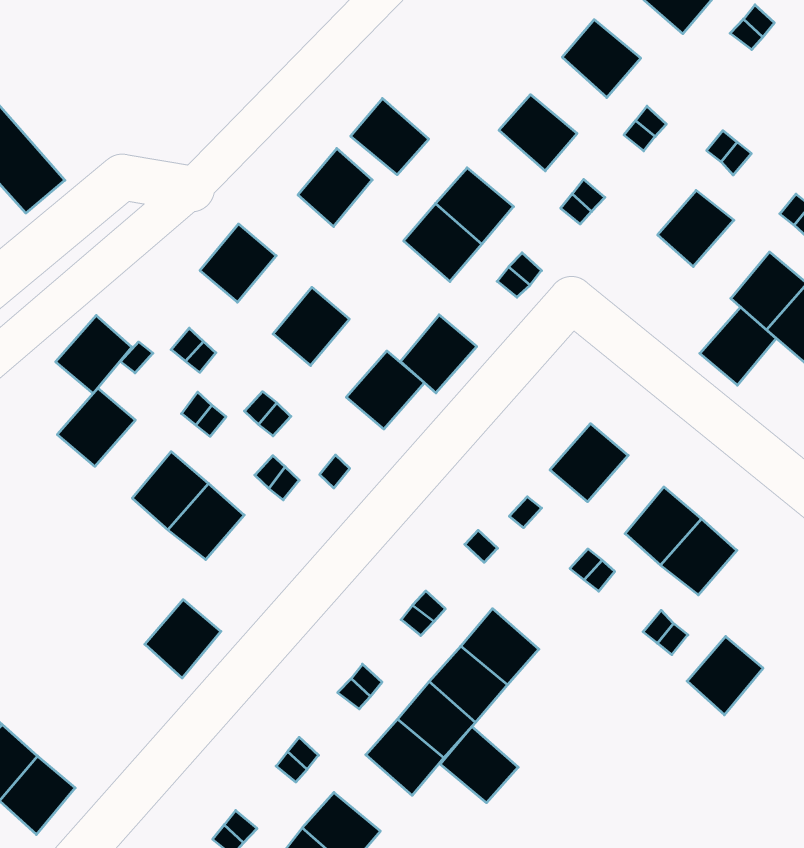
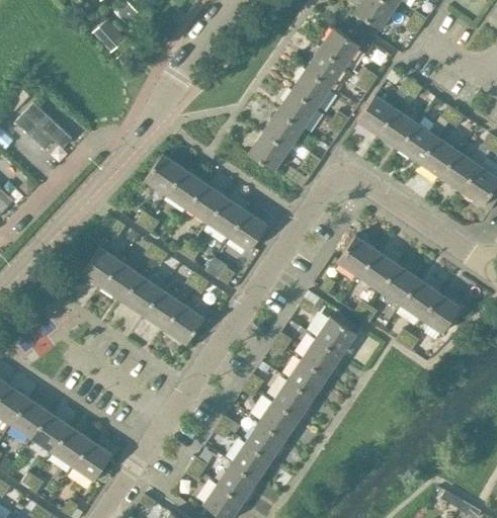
building: none -> [305,50,344,88]
building: [351,98,429,175] -> [276,91,317,130]
building: [298,148,372,227] -> [166,169,203,209]
building: none -> [357,95,396,136]
building: [700,307,776,385] -> [399,123,437,164]
building: [400,315,477,393] -> [208,197,246,238]
building: [56,315,132,394] -> [102,262,141,303]
building: none -> [358,251,397,291]
building: none -> [316,317,356,356]
building: [145,600,221,678] -> [165,305,203,345]
building: [687,636,763,715] -> [421,293,460,334]
building: [440,727,518,803] -> [245,421,285,459]

